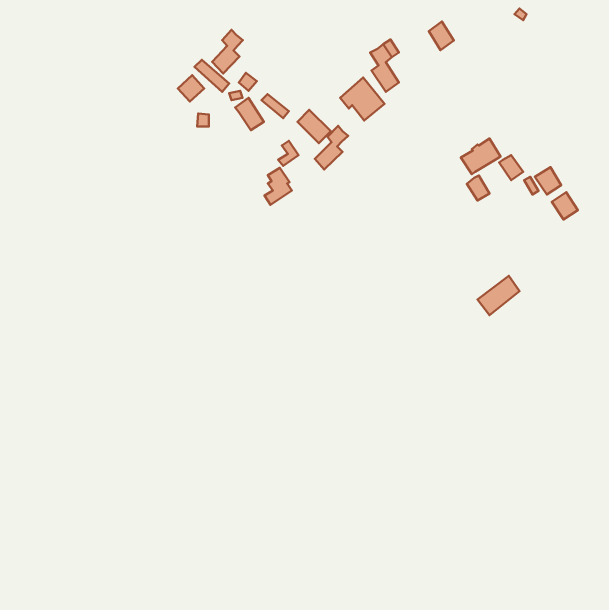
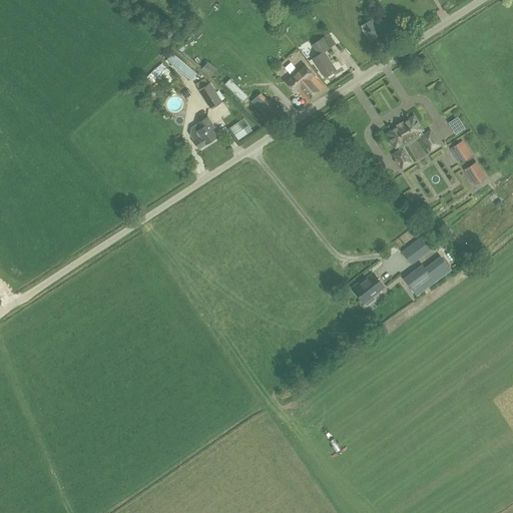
building: [212,30,243,73] -> none
building: [315,126,348,170] -> none
building: [264,168,292,205] -> [193,117,216,148]
building: none -> [403,262,450,297]
building: none -> [352,274,383,302]

